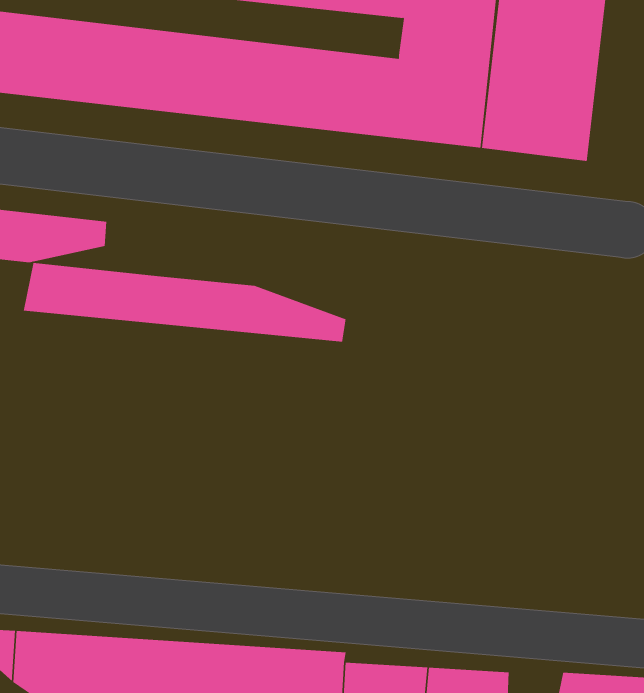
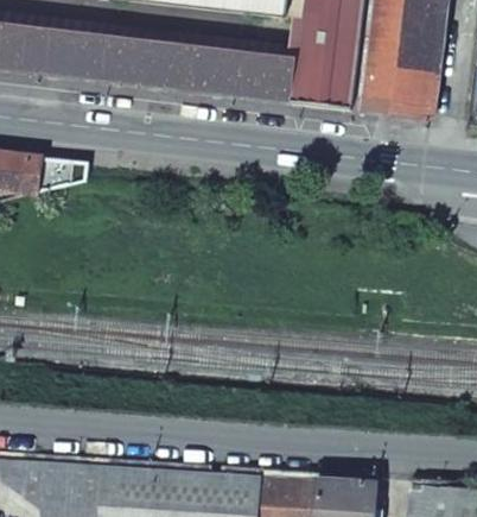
building: [23,262,346,343] -> none

